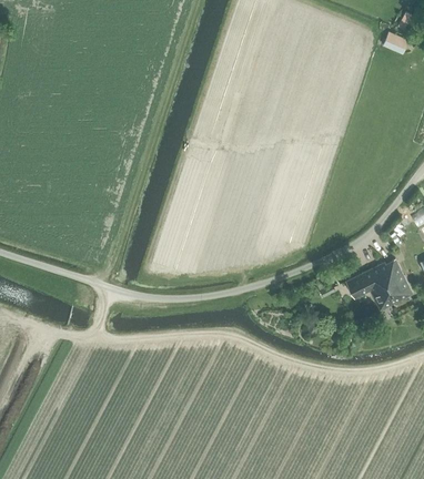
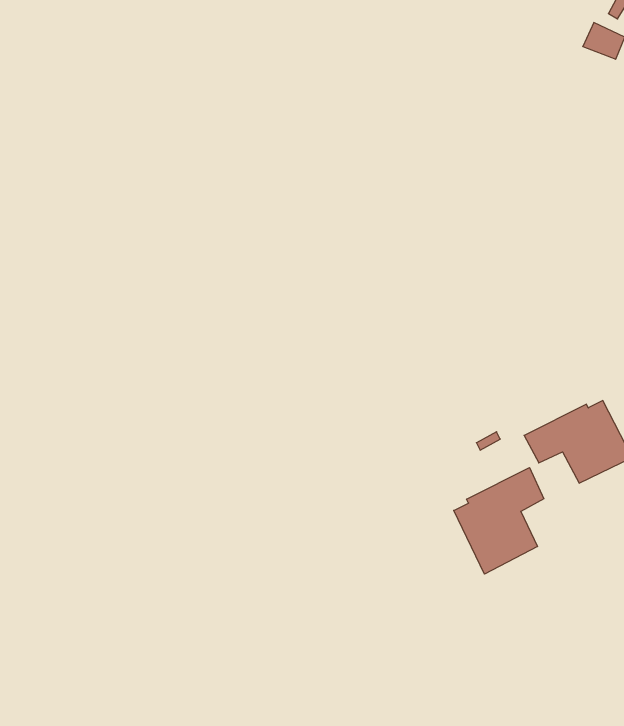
building: none -> [454,468,544,574]

